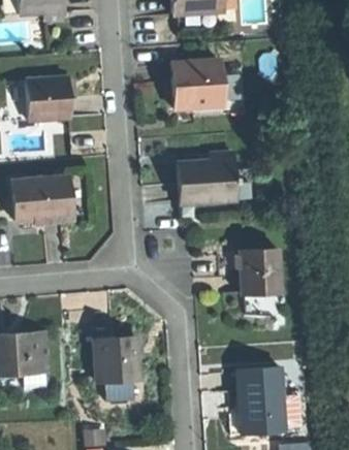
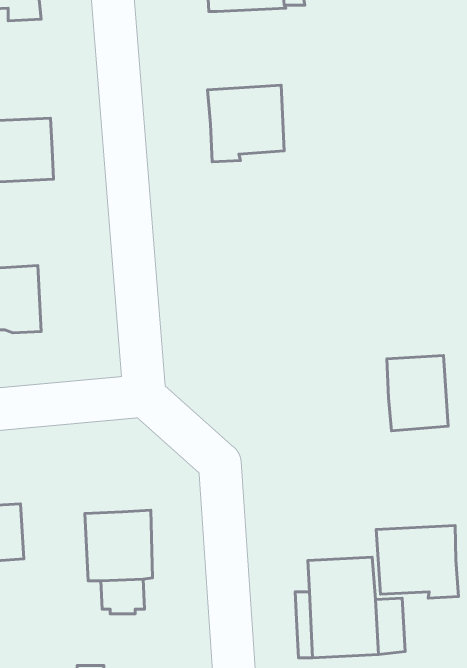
building: [178,147,237,199] -> none
building: [243,247,283,296] -> [387,356,448,431]
building: none -> [376,526,459,598]

